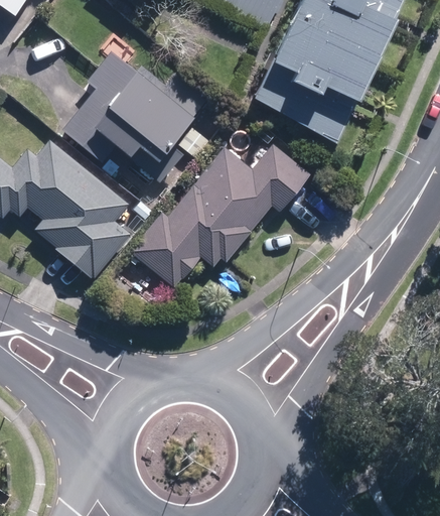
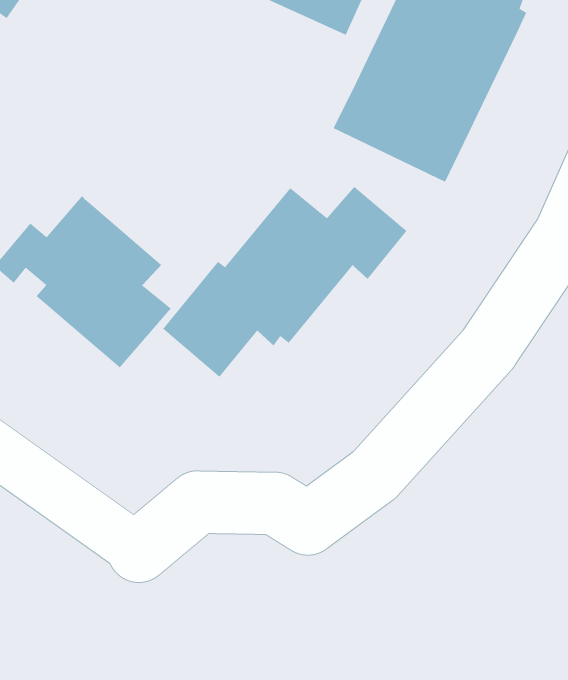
building: [59,47,207,161] -> none

